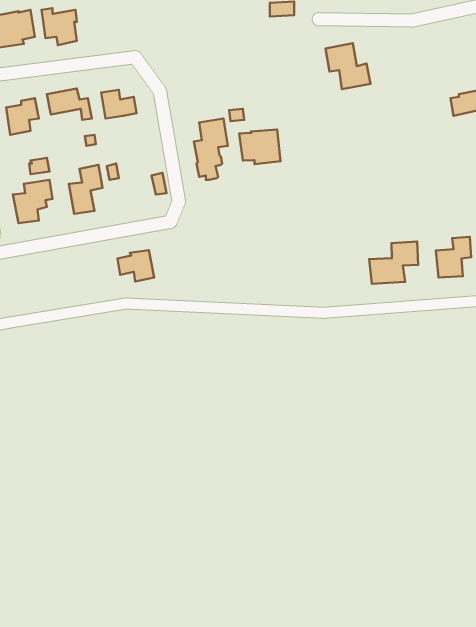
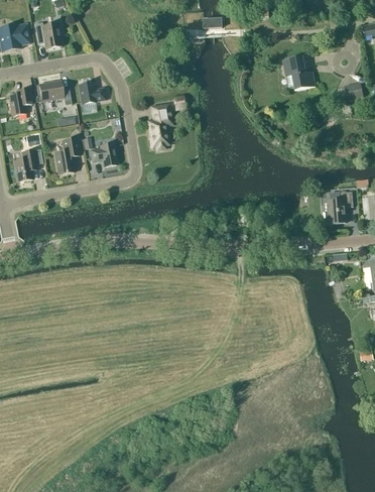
building: [326,43,370,89] -> [282,55,316,90]
building: [239,130,281,164] -> none
building: [369,241,418,284] -> none
building: [117,250,154,282] -> [90,144,117,167]

